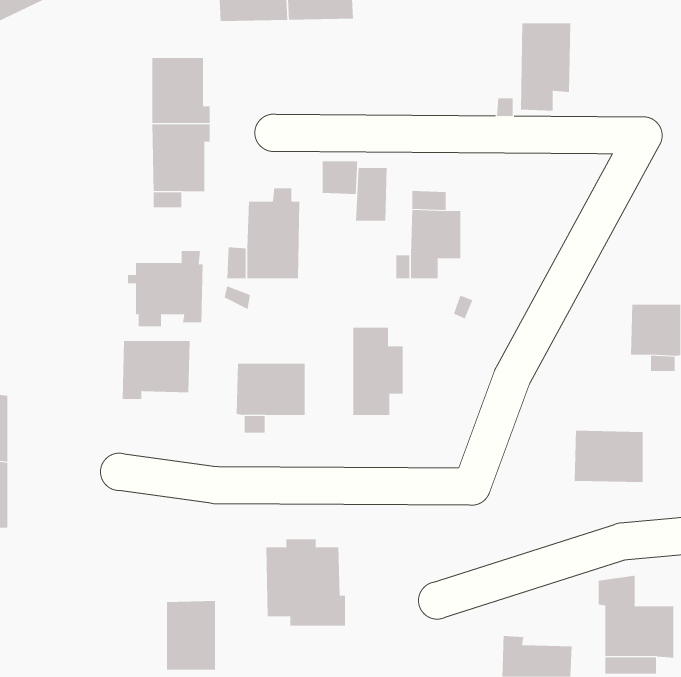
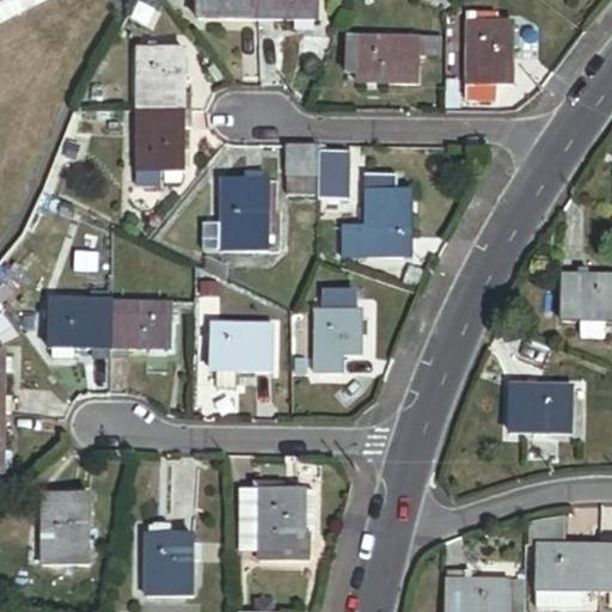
building: none -> [344,31,437,79]
building: [127,250,204,327] -> [42,292,110,360]
building: none -> [43,495,91,564]

